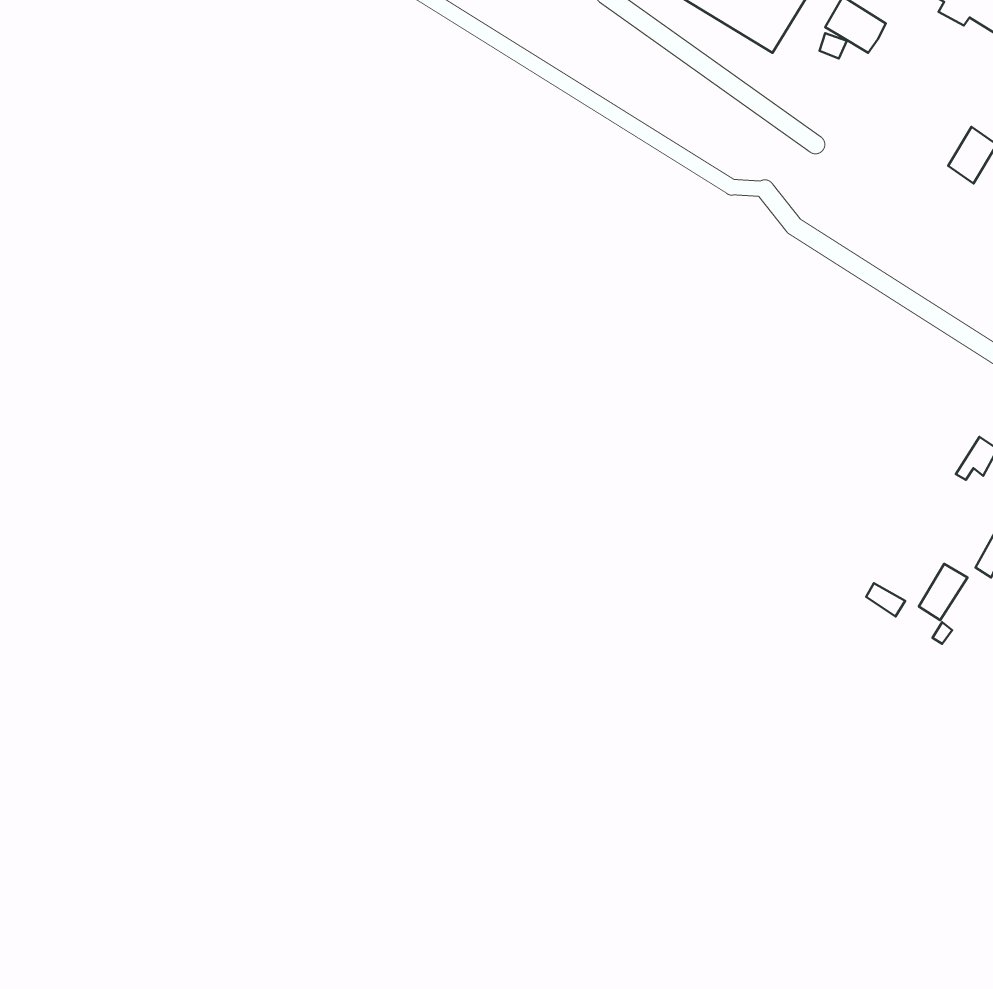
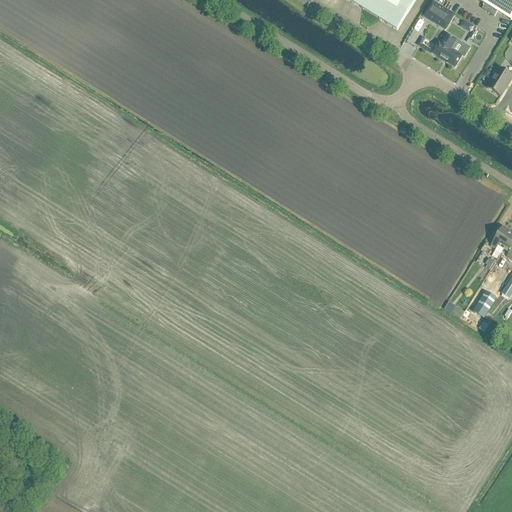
building: none -> [432,30,473,65]

